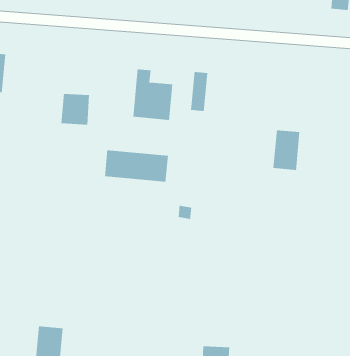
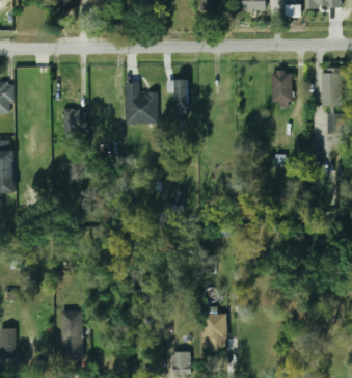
building: [273,130,300,171] -> [272,71,293,104]
building: [104,149,168,183] -> none

